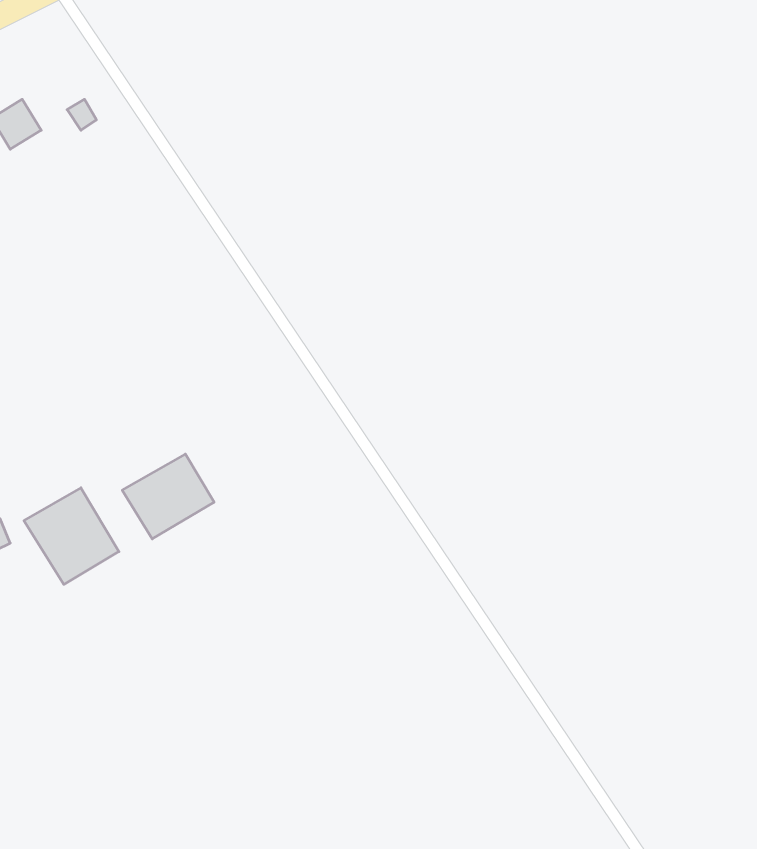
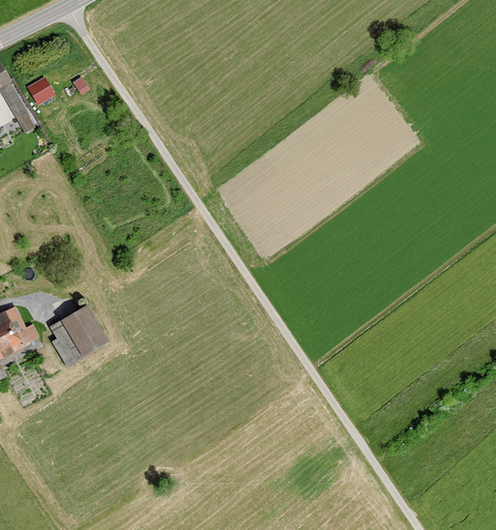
building: [122,454,214,539] -> none

